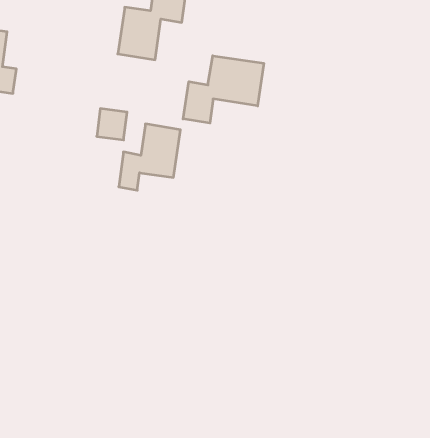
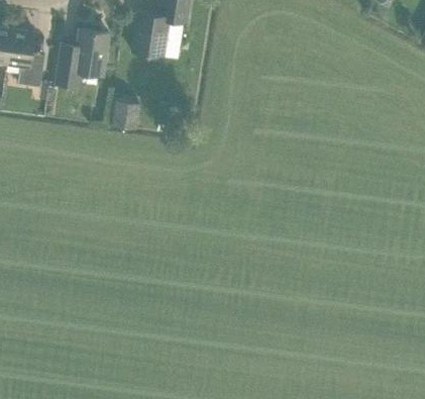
building: [183,56,264,123] -> none
building: [119,124,180,190] -> [56,28,109,86]

